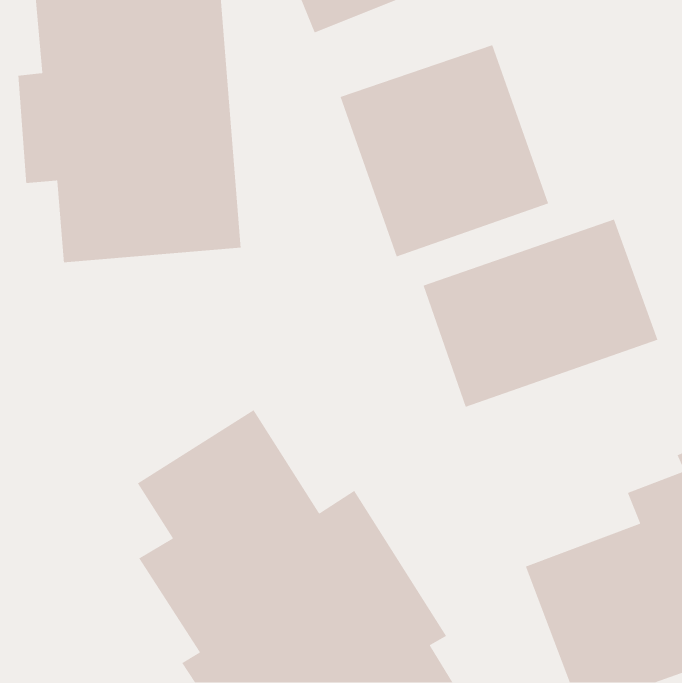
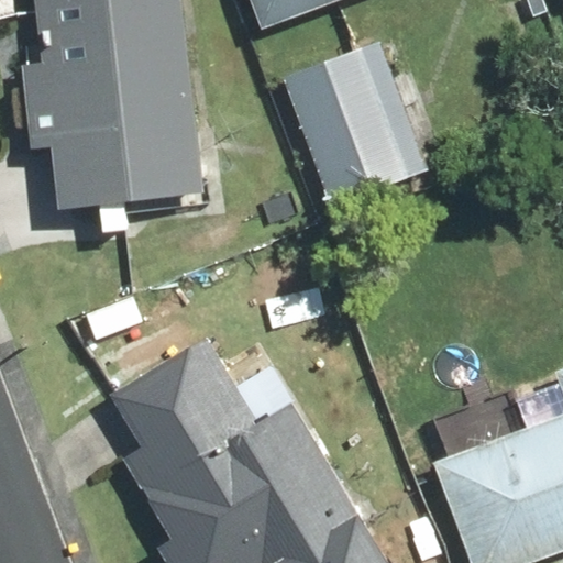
building: [423,219,659,408] -> none

